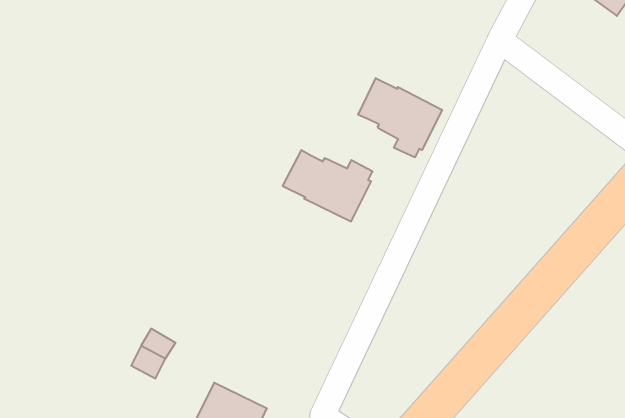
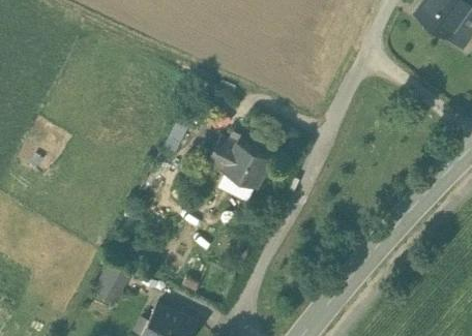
building: [358,78,442,157] -> none

